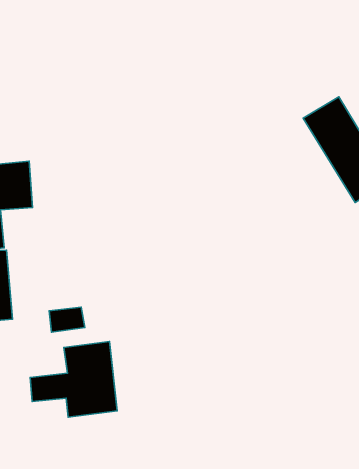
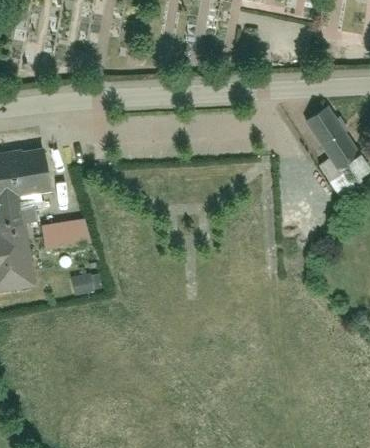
building: none -> [56,220,92,247]
building: [30,342,117,417] -> none

